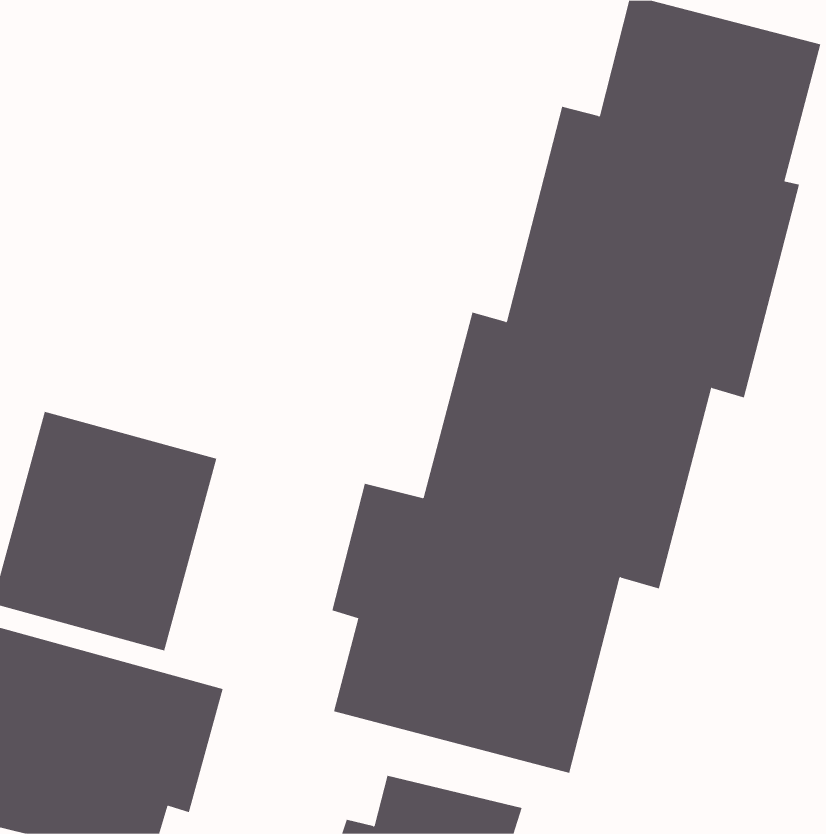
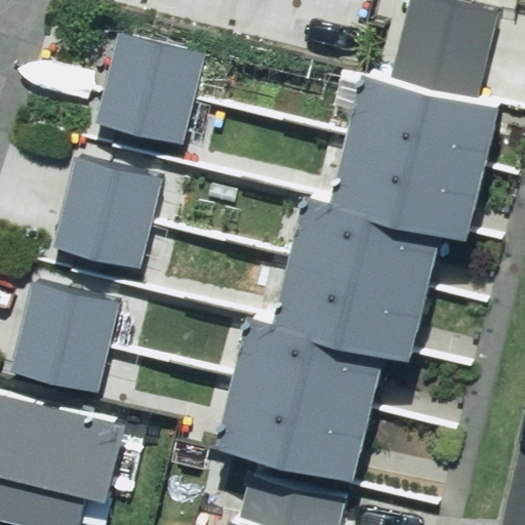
building: none -> [83,22,212,158]
building: none -> [31,137,172,280]

